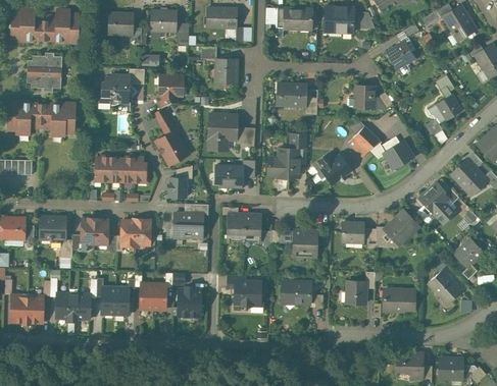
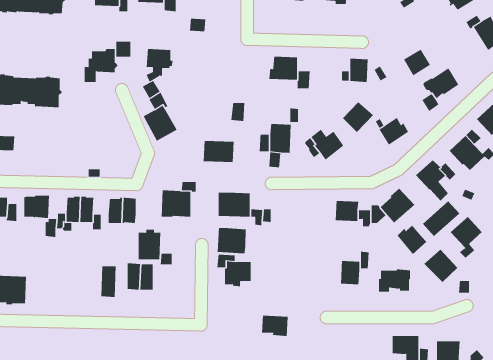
building: [387,42,413,68] -> [403,49,431,76]
building: [27,52,61,91] -> none
building: [215,59,237,82] -> none
building: [208,113,237,150] -> none
building: [96,156,147,181] -> none
building: [166,176,188,199] -> none
building: none -> [422,201,460,237]
building: [293,230,316,257] -> none
building: none -> [397,225,428,255]
building: none -> [217,227,246,254]
building: [284,282,310,302] -> [261,315,289,336]
building: [100,284,115,315] -> none
building: [178,286,200,316] -> [138,229,161,260]
building: [55,292,90,320] -> none

